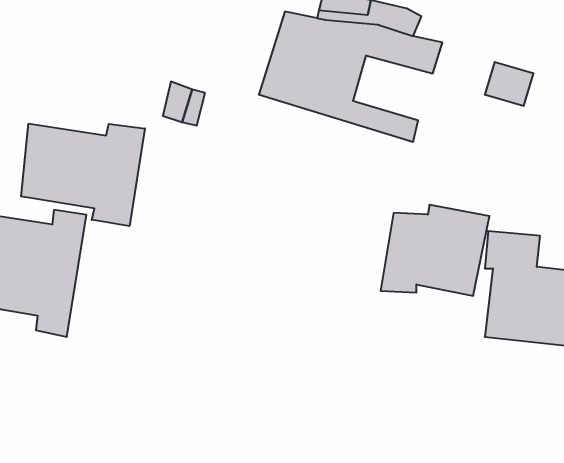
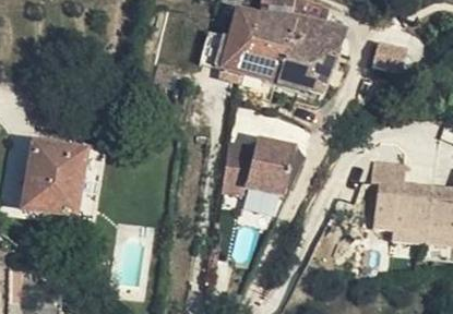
building: none -> [283,39,336,83]
building: [21,124,145,226] -> none
building: [381,205,490,296] -> [220,135,294,196]

